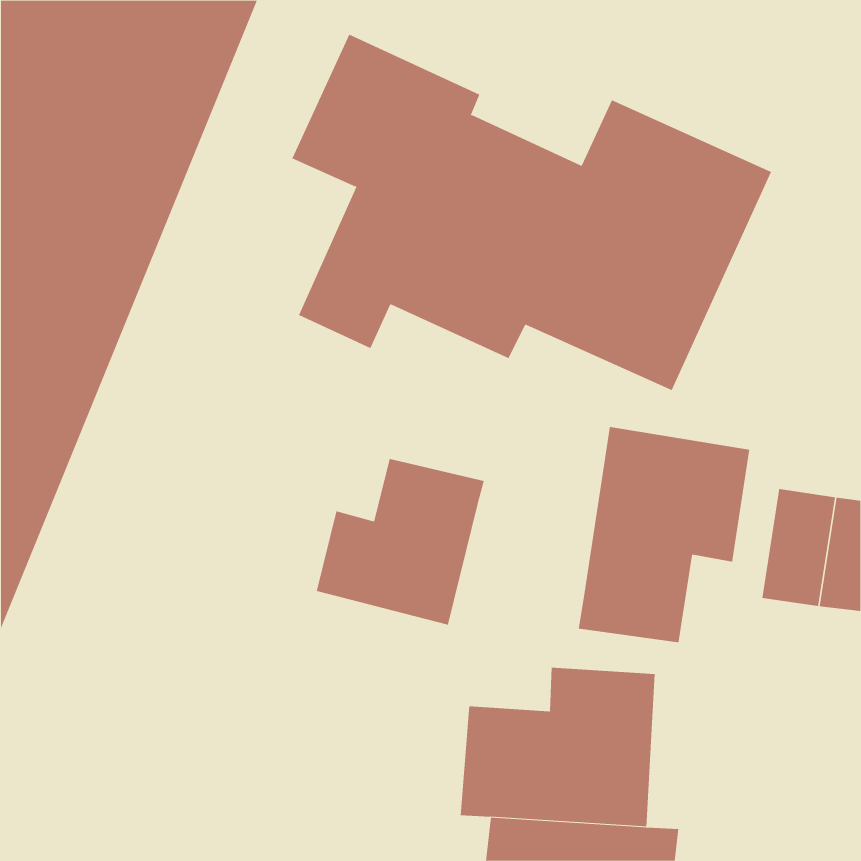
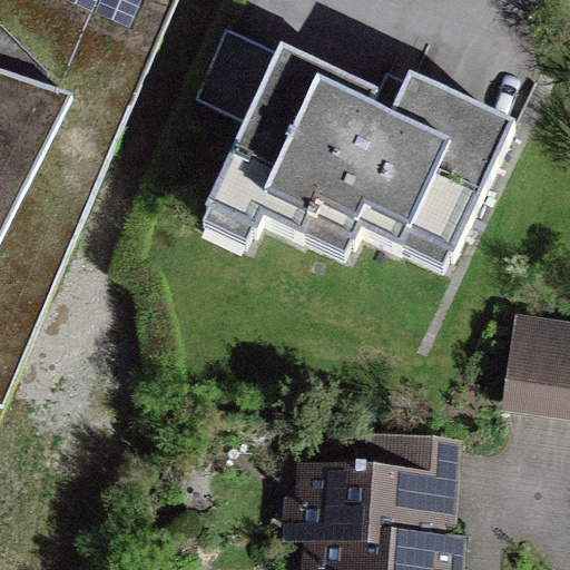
building: [578,426,750,643] -> none
building: [316,458,484,625] -> none

